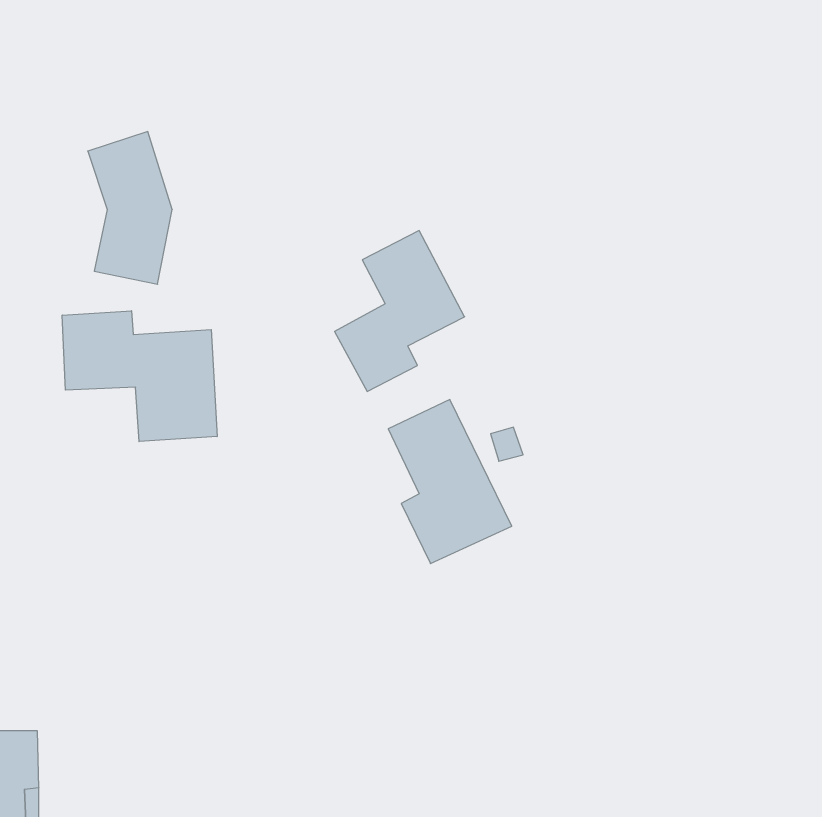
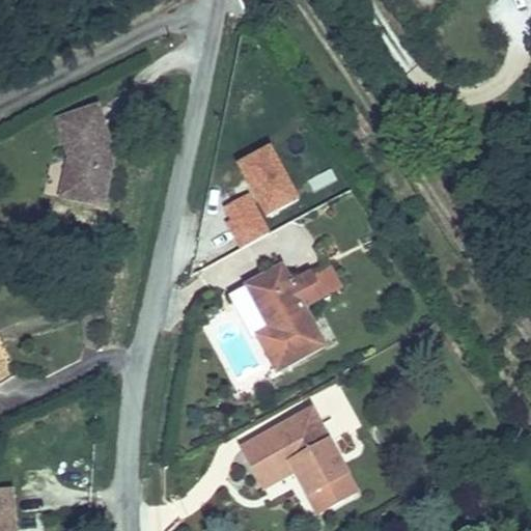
building: [62,311,217,442] -> none
building: none -> [240,407,355,508]

